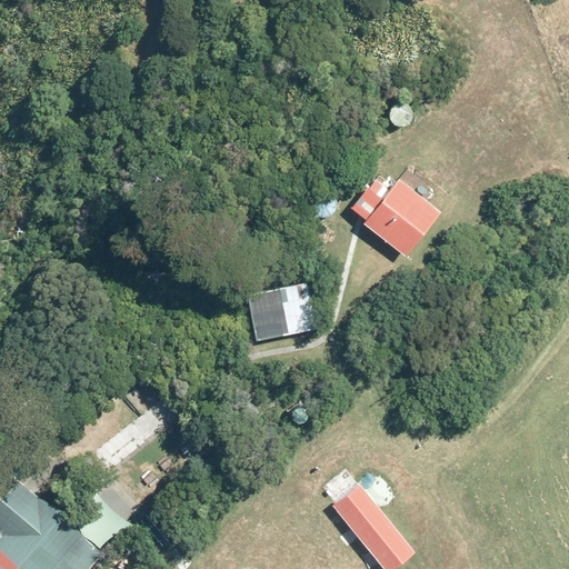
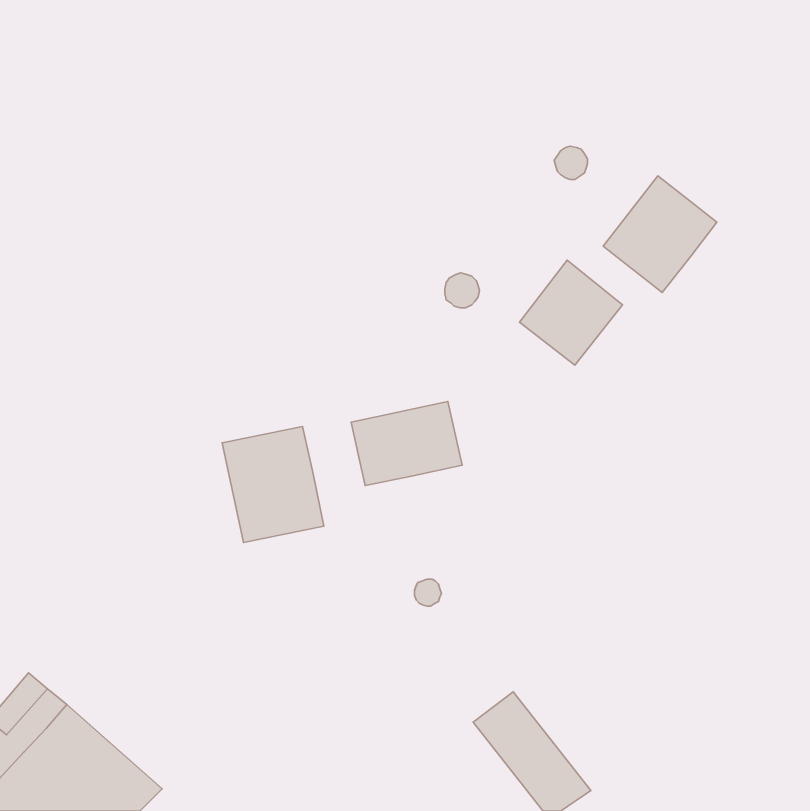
building: none -> [603,176,717,293]
building: none -> [222,426,324,542]

